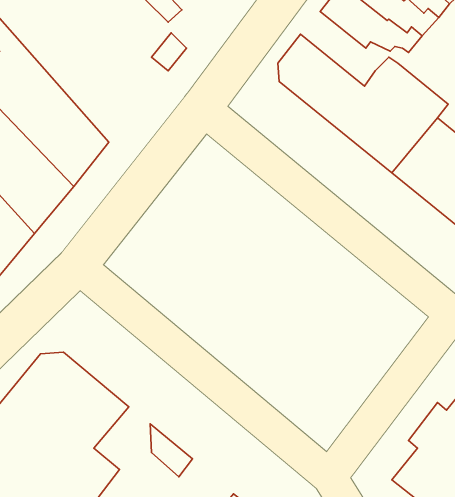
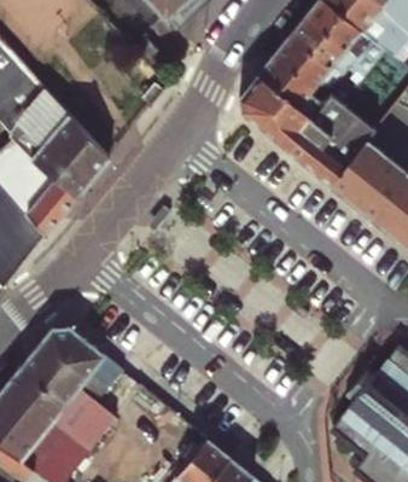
building: none -> [258,57,344,116]

